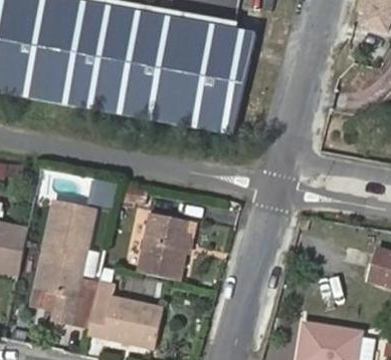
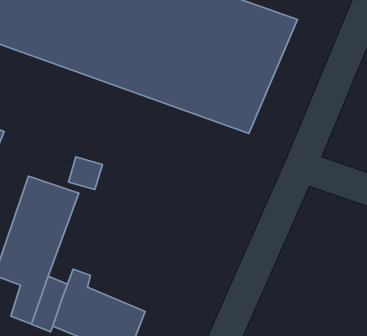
building: [136,209,195,278] -> none

